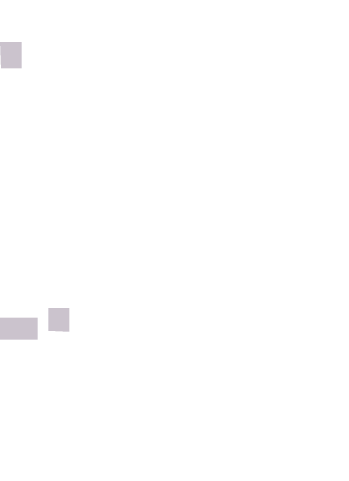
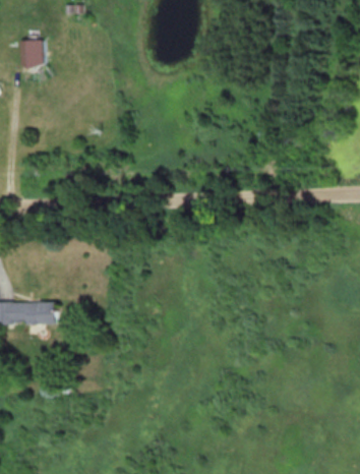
building: [47,307,70,333] -> none

